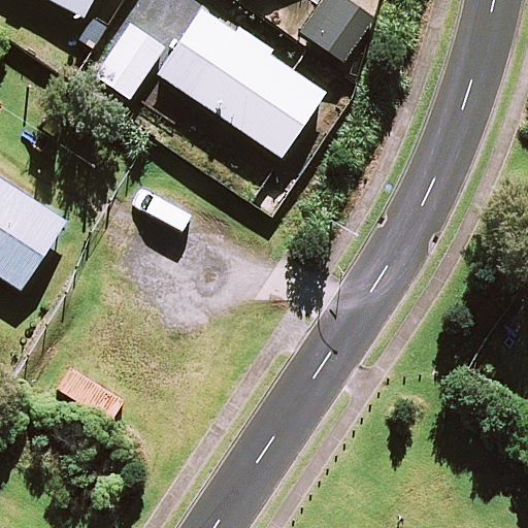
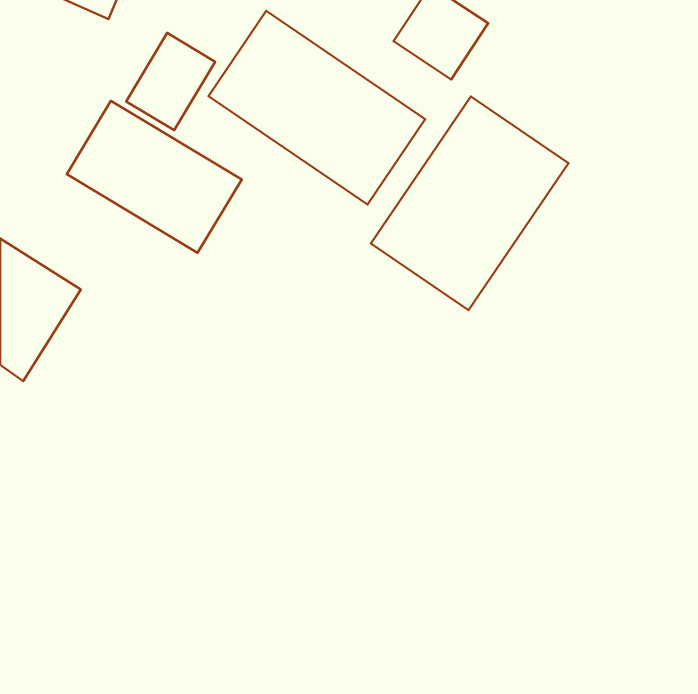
building: none -> [371,97,568,310]
building: none -> [67,101,242,253]

